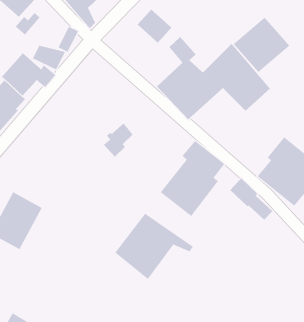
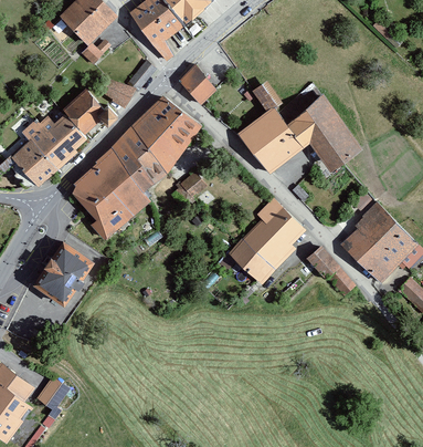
building: [137,9,172,43] -> [178,65,218,105]
building: [233,17,290,73] -> none
building: none -> [72,95,202,241]
building: [114,213,194,280] -> none

